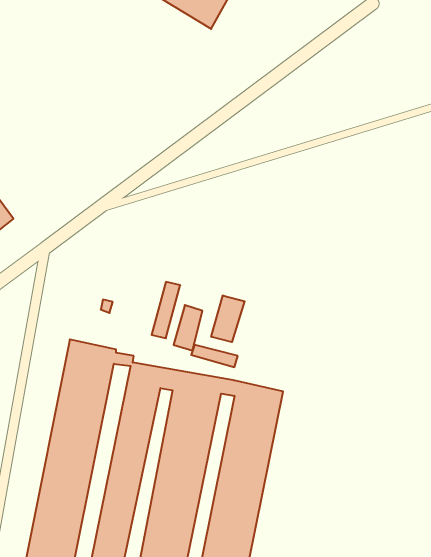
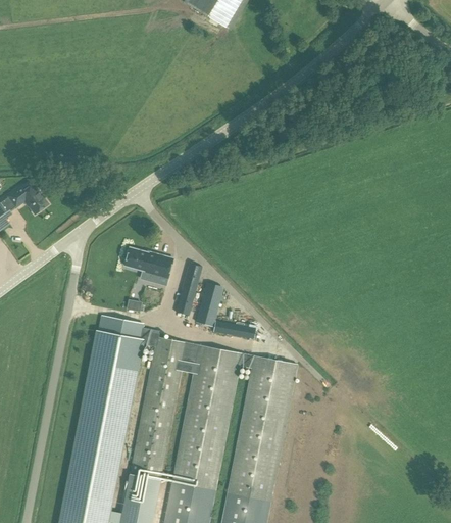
building: none -> [124,248,172,278]
building: [211,295,245,342] -> none

